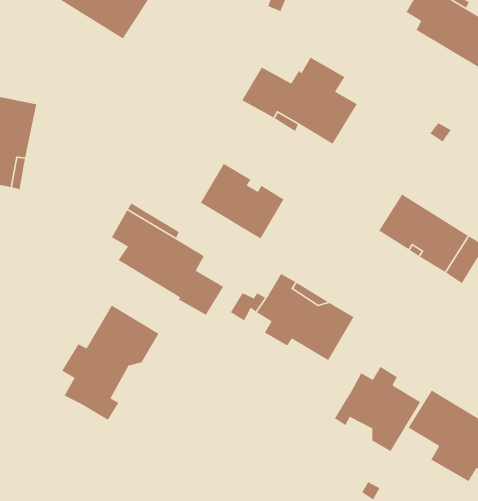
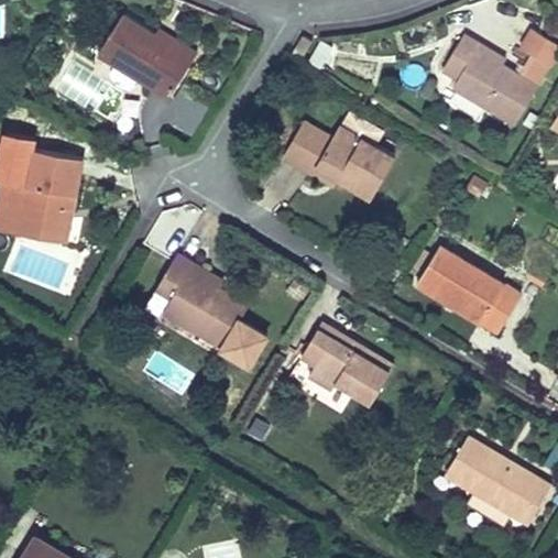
building: [200,163,285,239] -> none
building: [61,305,160,421] -> none
building: [334,366,421,452] -> none

